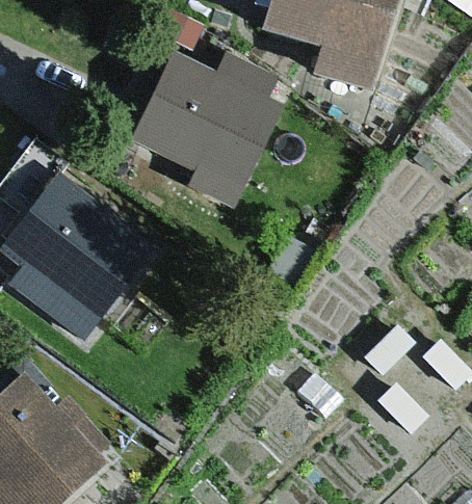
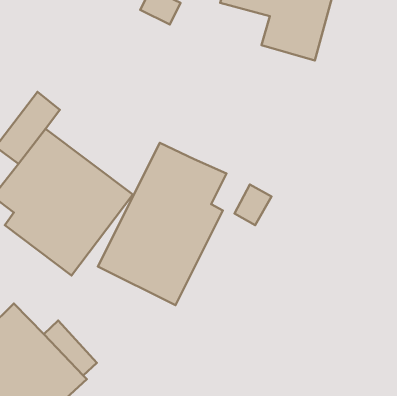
building: [130,53,284,207] -> none
building: none -> [98,143,227,305]

